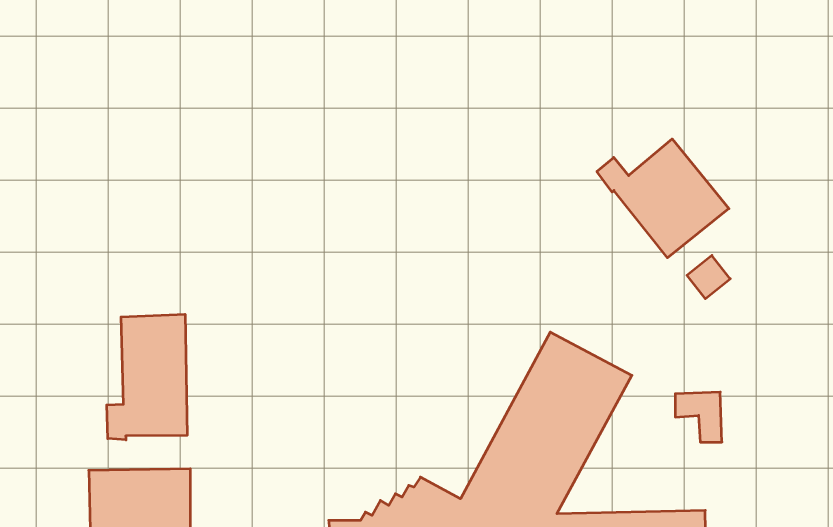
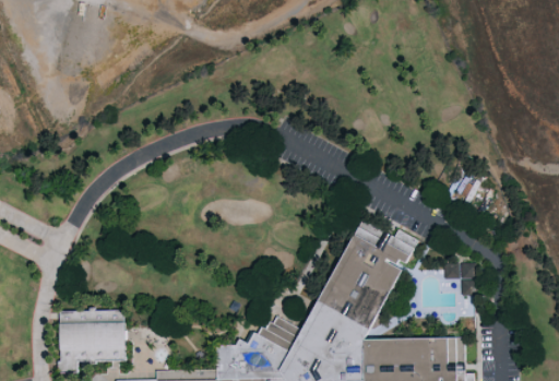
building: [597,139,729,258] -> none
building: [107,314,187,440] -> none

